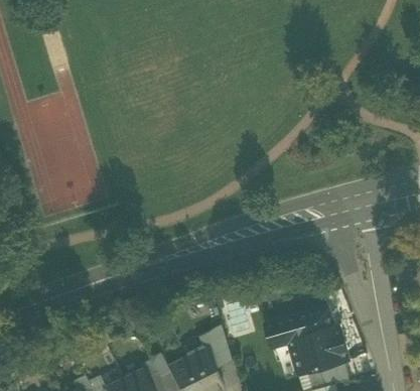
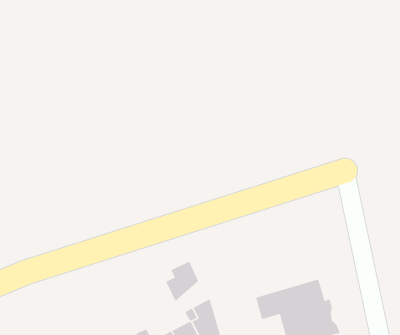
building: none -> [165,260,199,302]

